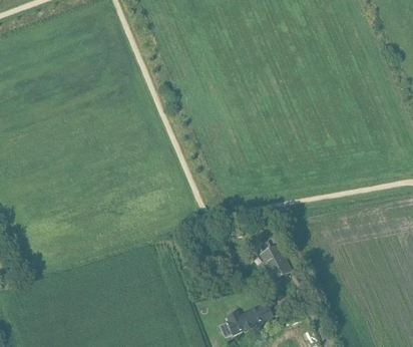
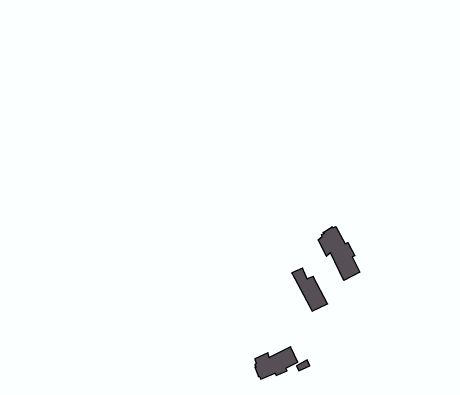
building: none -> [318,227,360,280]

